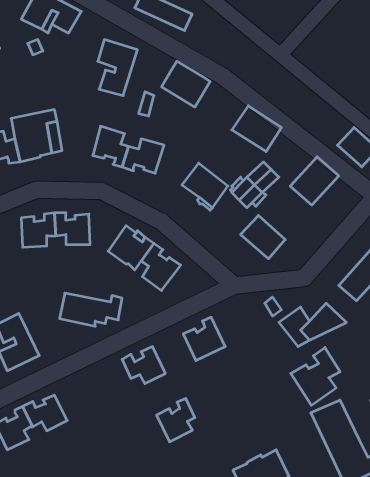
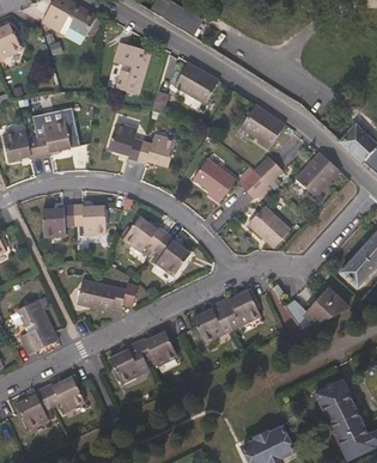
building: none -> [220,292,261,330]
building: [291,347,340,405] -> none
building: [157,398,195,442] -> [109,342,145,383]

